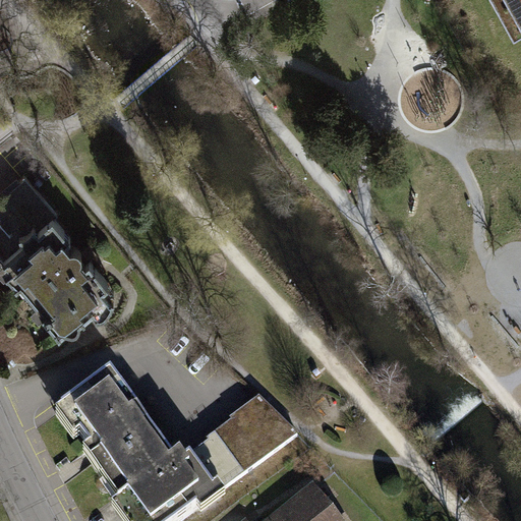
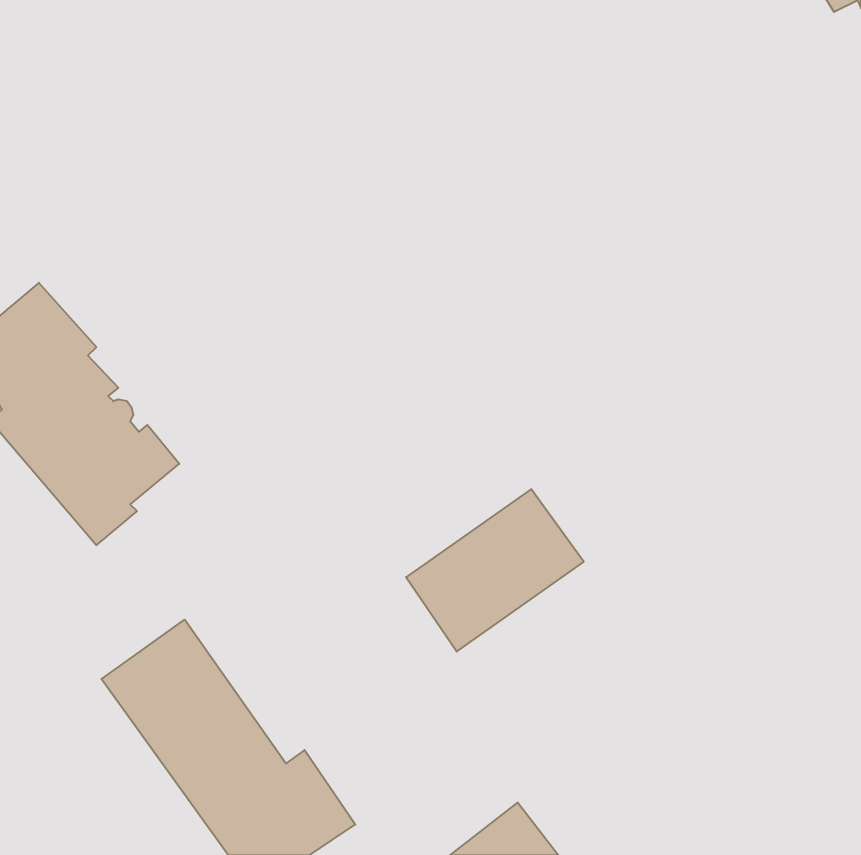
building: [183,398,290,496] -> [406,489,584,652]

